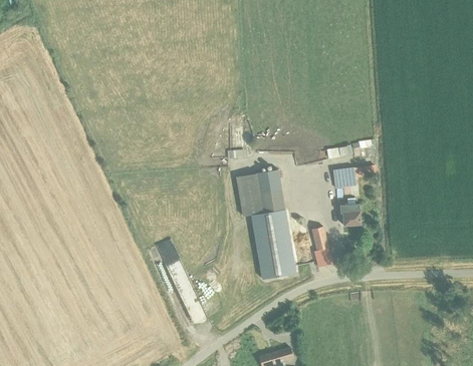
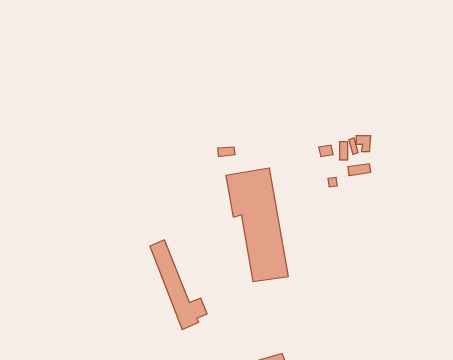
building: [339,204,360,226] -> none
building: [311,227,334,267] -> none

